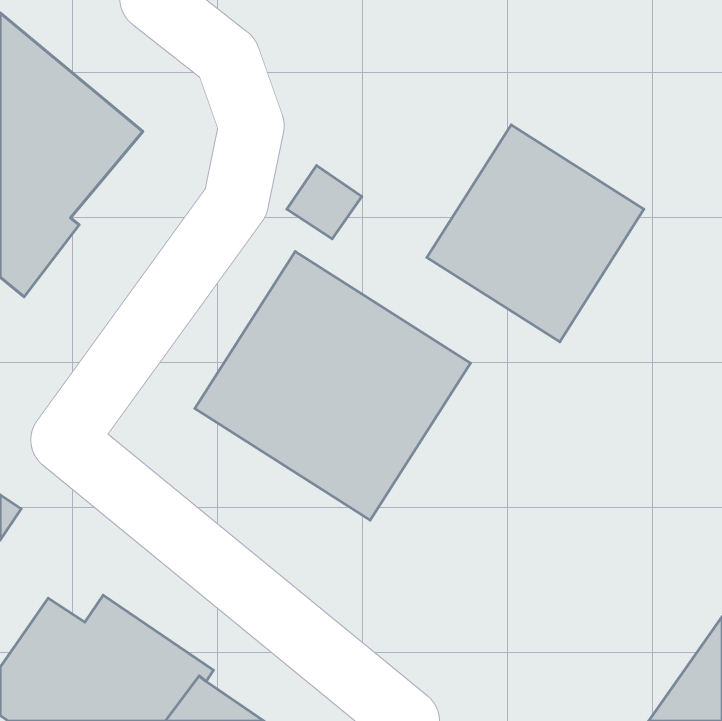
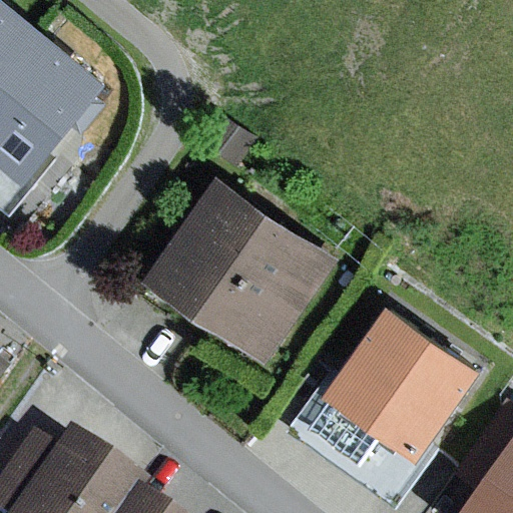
building: [427,125,644,342] -> none
building: none -> [294,312,476,500]

